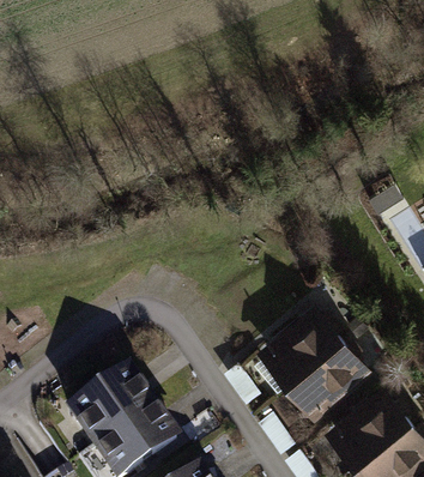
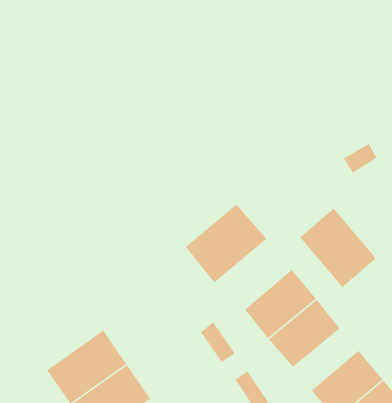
building: none -> [185,203,267,284]
building: none -> [299,207,377,288]

